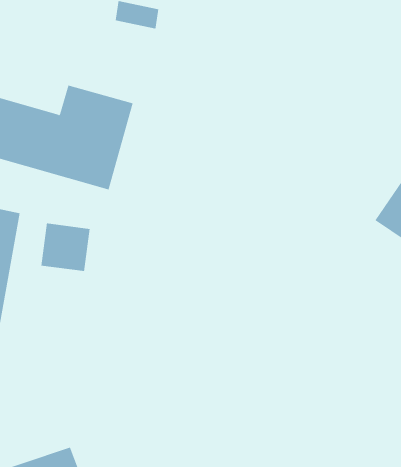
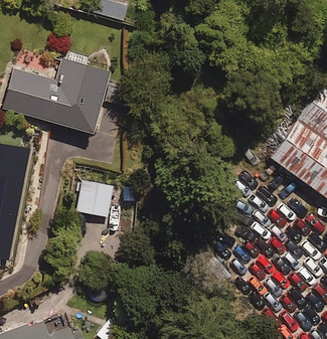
building: [41,223,91,271] -> [76,185,112,219]

